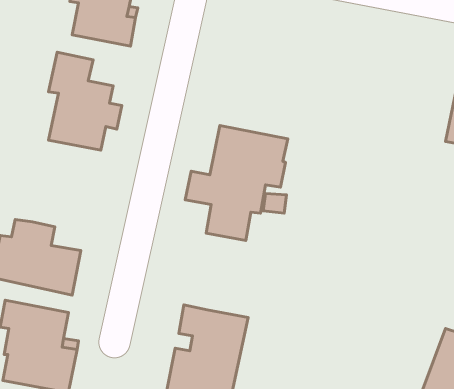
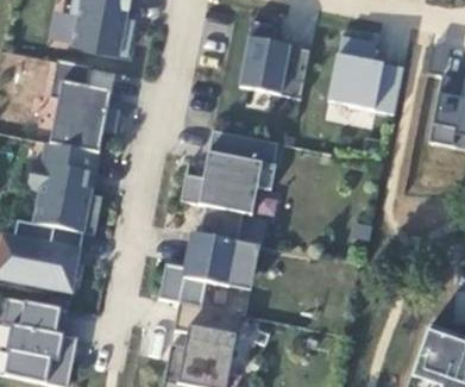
building: none -> [240,21,312,100]
building: none -> [329,38,404,116]
building: none -> [29,144,103,236]
building: none -> [159,233,239,308]

